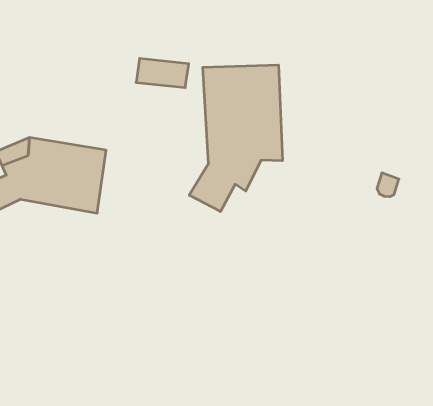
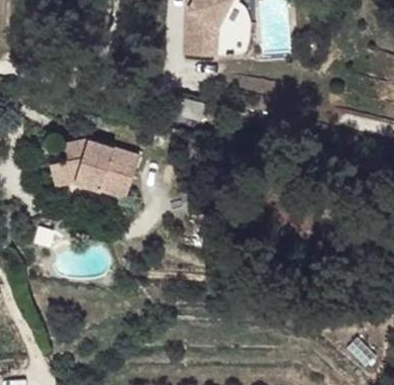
building: [189,65,282,212] -> none

